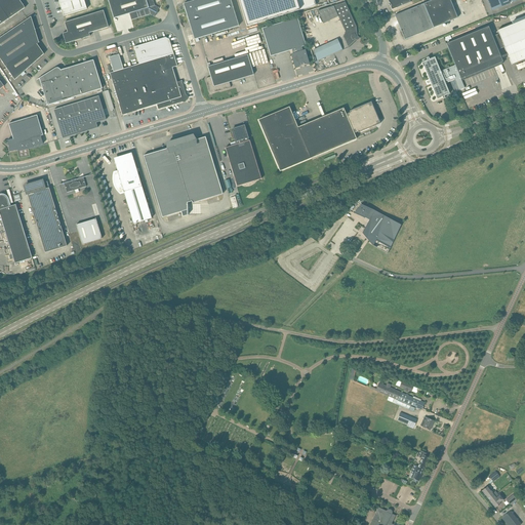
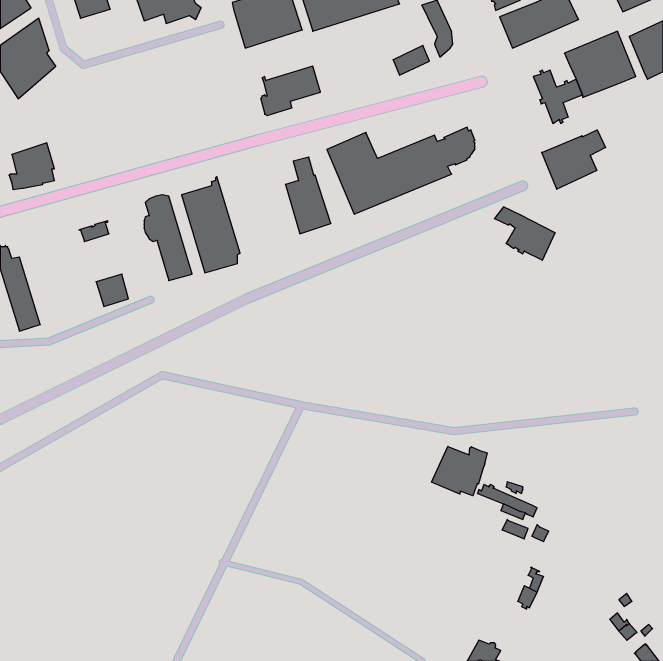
building: [63,8,109,42] -> none
building: [262,16,309,66] -> none
building: [109,36,187,113] -> none
building: [37,58,103,104] -> none
building: [54,94,106,136] -> none
building: none -> [542,130,606,189]
building: [171,133,223,202] -> none
building: [24,178,67,251] -> none
building: [353,202,401,244] -> [494,207,555,260]
building: none -> [431,446,487,496]

